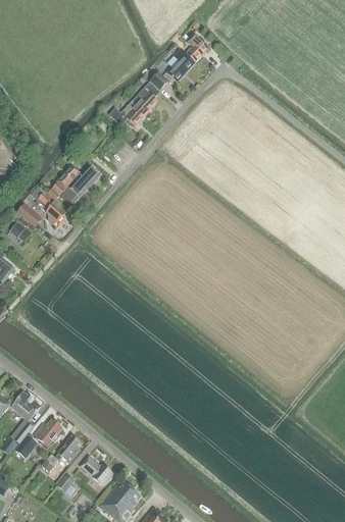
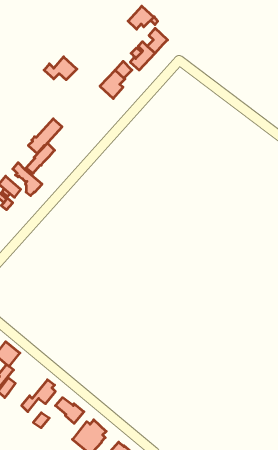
building: none -> [128,6,154,29]
building: [109,99,147,125] -> [44,57,77,80]
building: [60,165,99,205] -> [28,119,62,153]
building: [34,418,62,448] -> none

